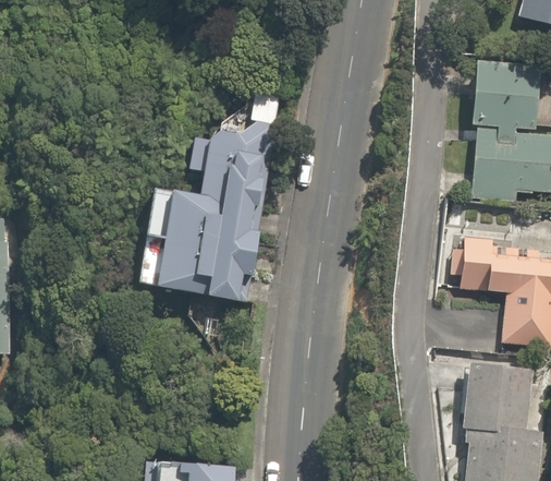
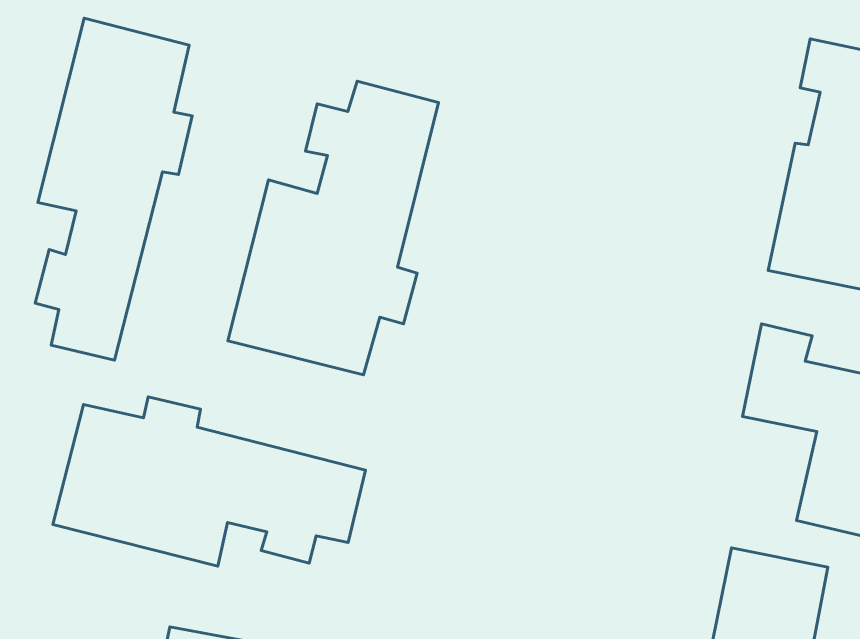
building: none -> [35,18,192,360]
building: none -> [53,397,366,566]

